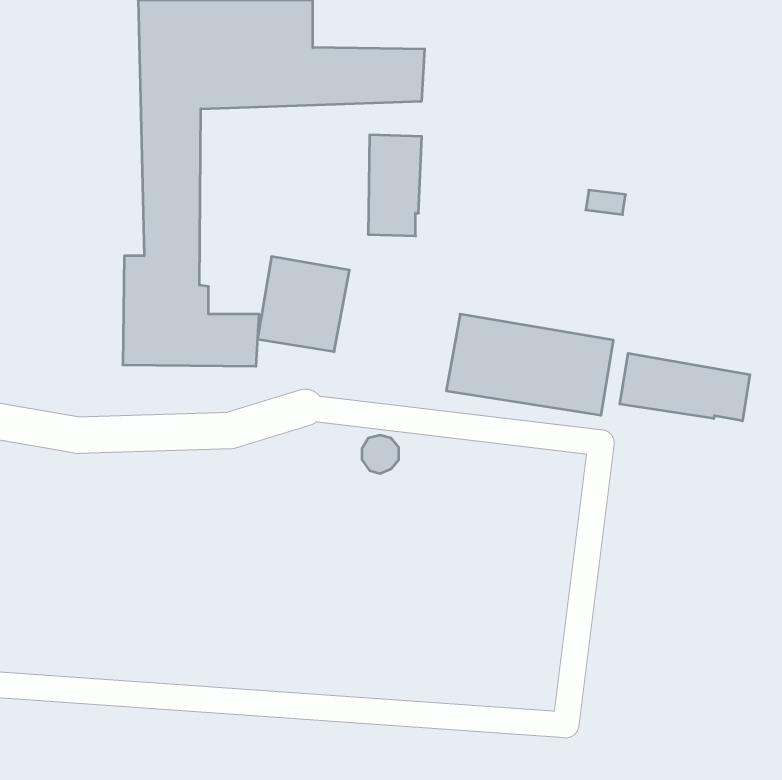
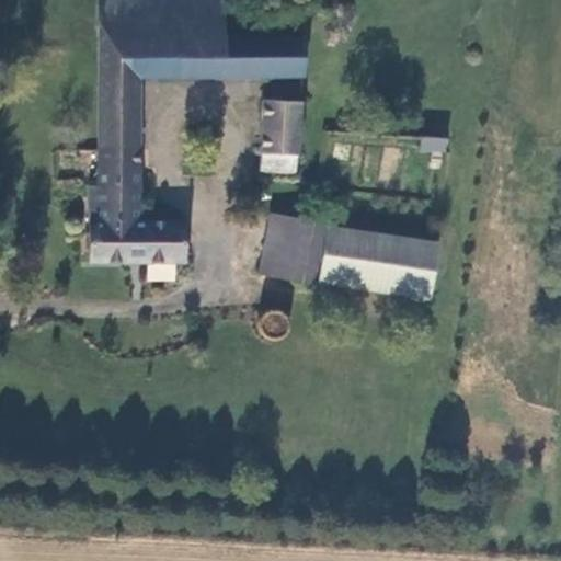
building: [258,257,350,352] -> [262,217,328,285]
building: [620,353,750,421] -> none

